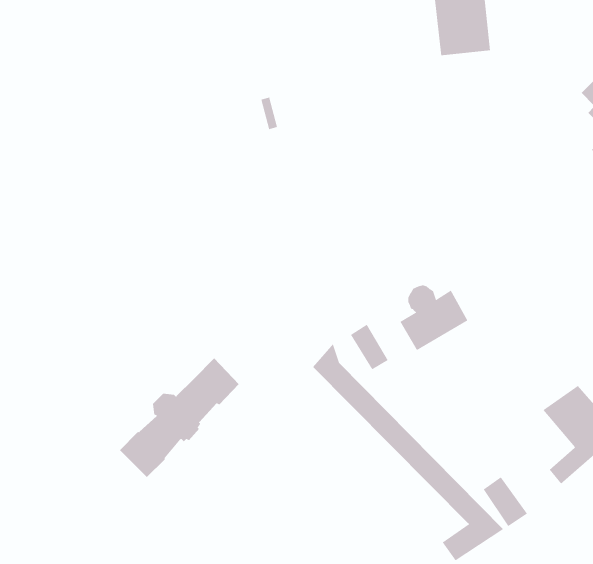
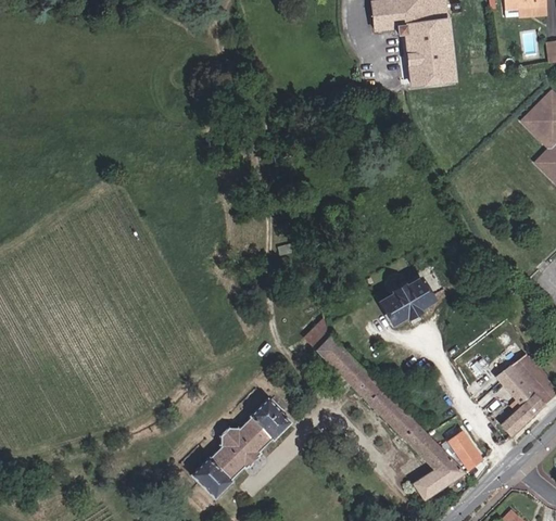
building: [350,324,388,370] -> none
building: [119,358,239,478] -> [192,398,291,497]

